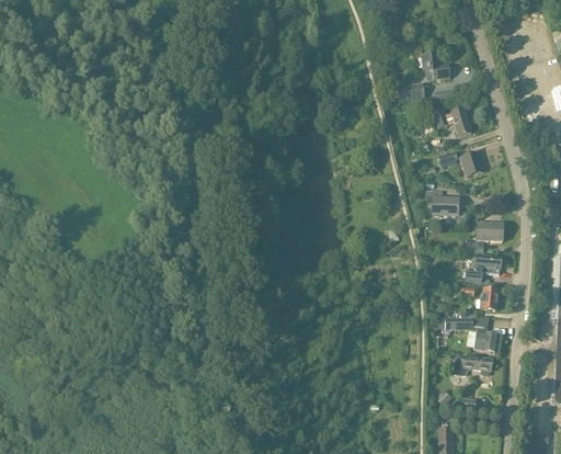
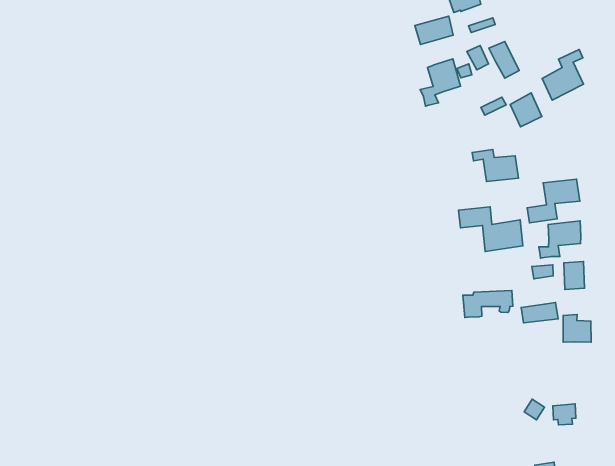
building: none -> [420,59,460,106]
building: none -> [542,50,583,100]
building: none -> [459,207,523,252]
building: [453,355,492,375] -> [463,291,513,317]

